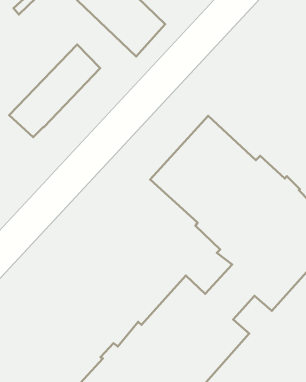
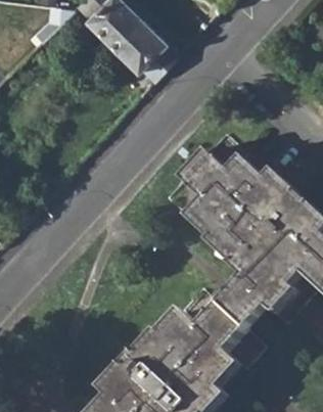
building: [9,44,100,137] -> none

